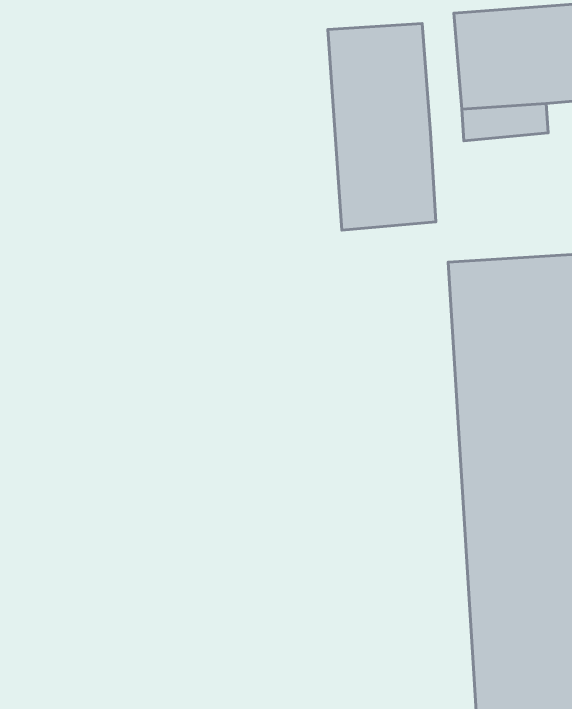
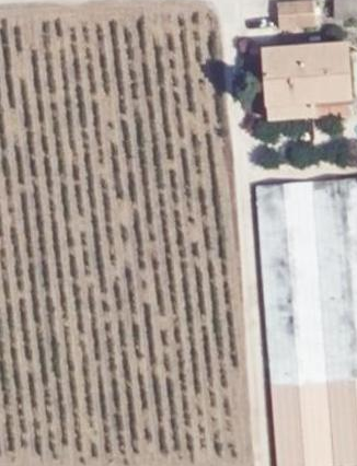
building: [328,23,436,230] -> none

